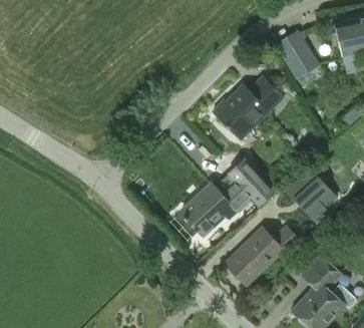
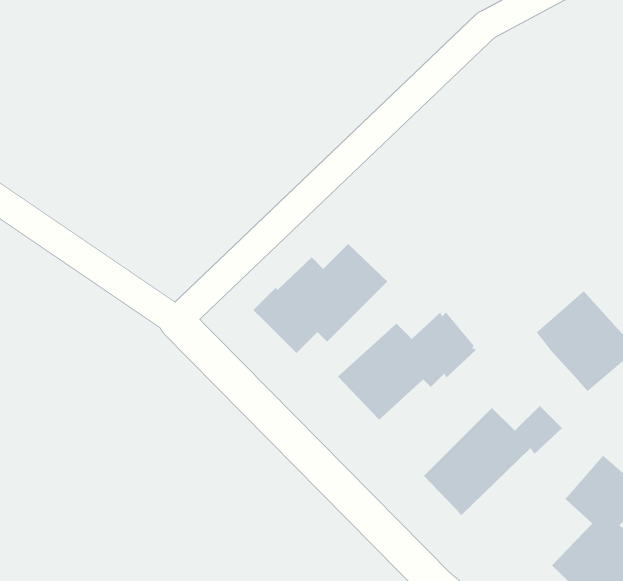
building: [274,29,325,89] -> none
building: [213,77,284,135] -> [253,243,388,354]
building: [236,159,278,203] -> none

